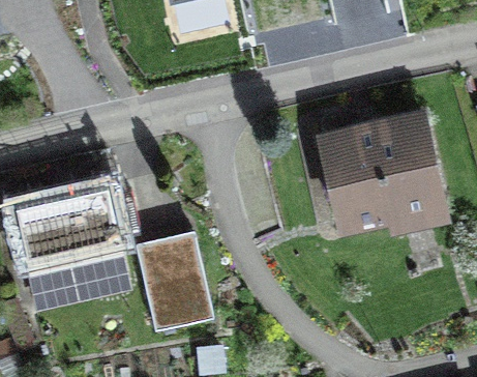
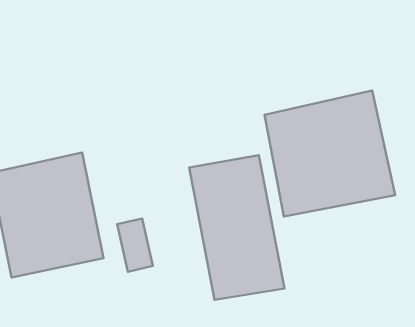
building: none -> [189,155,285,300]

